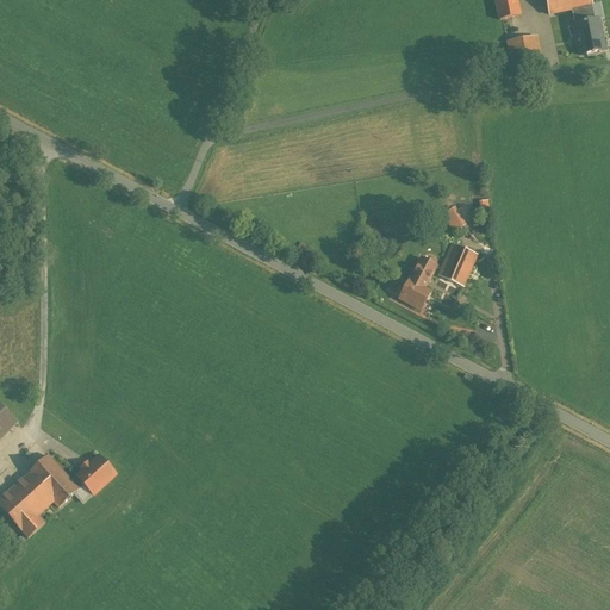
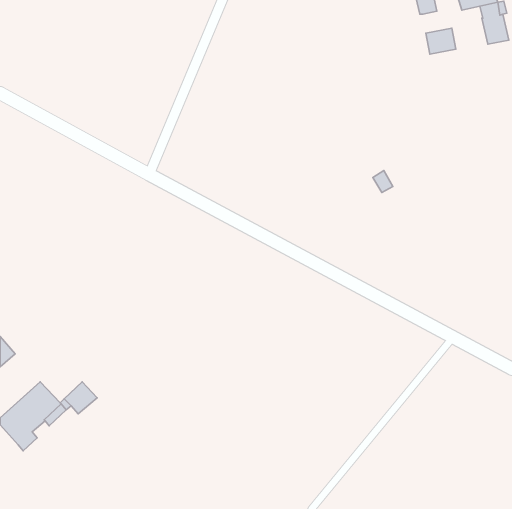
building: [438,241,478,284] -> none
building: [394,255,436,307] -> none

